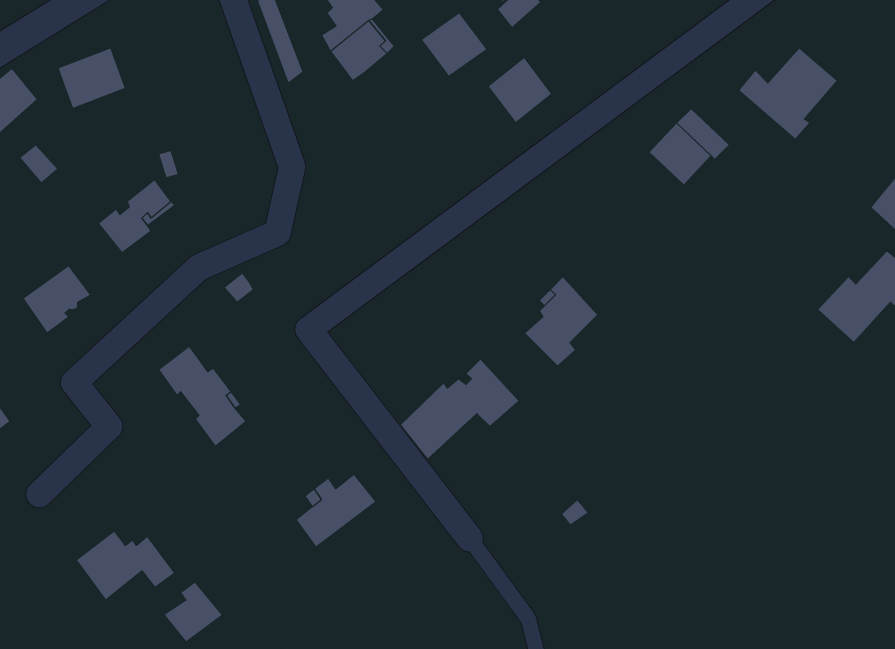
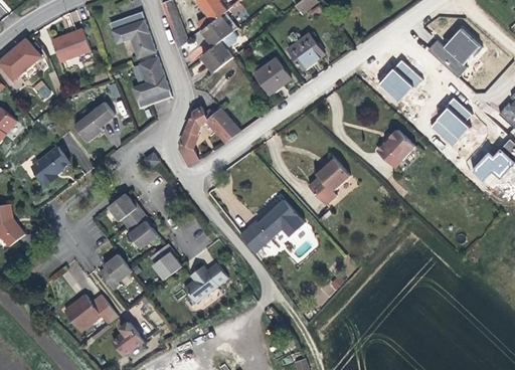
building: [421,12,487,76] -> [255,58,292,94]
building: none -> [109,11,157,58]
building: none -> [202,41,233,72]
building: none -> [132,56,172,109]
building: none -> [428,100,471,148]
building: none -> [179,107,239,165]
building: none -> [378,130,417,169]
building: none -> [149,243,179,280]
building: none -> [97,254,131,291]

